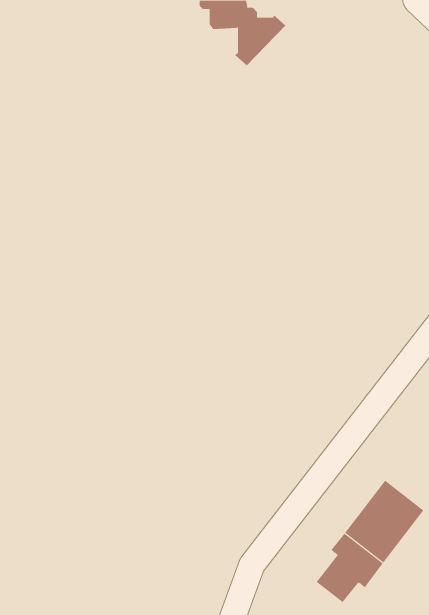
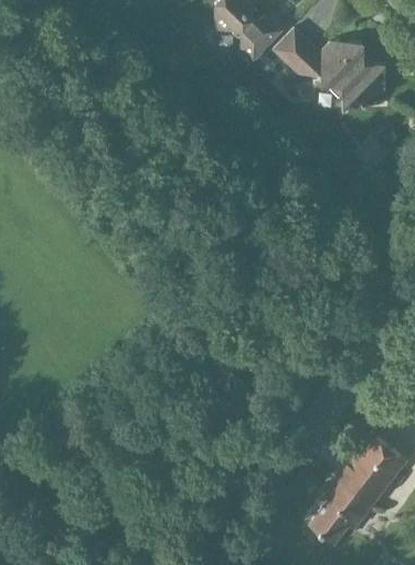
building: none -> [274,29,391,115]

